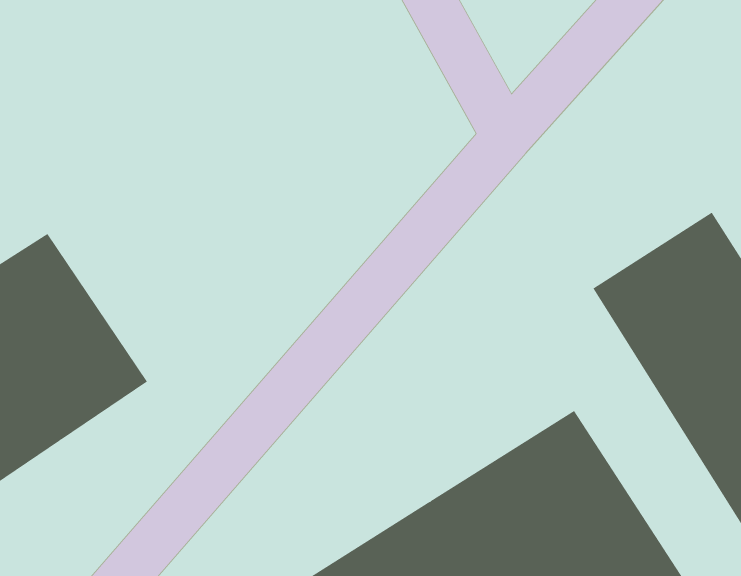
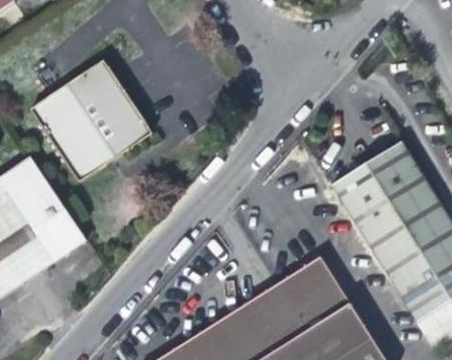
building: none -> [29,65,150,188]

